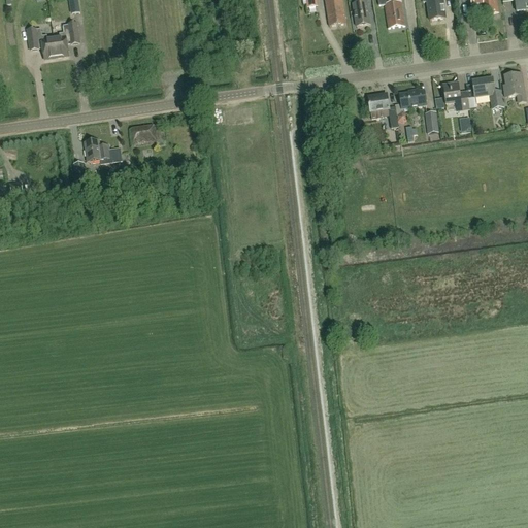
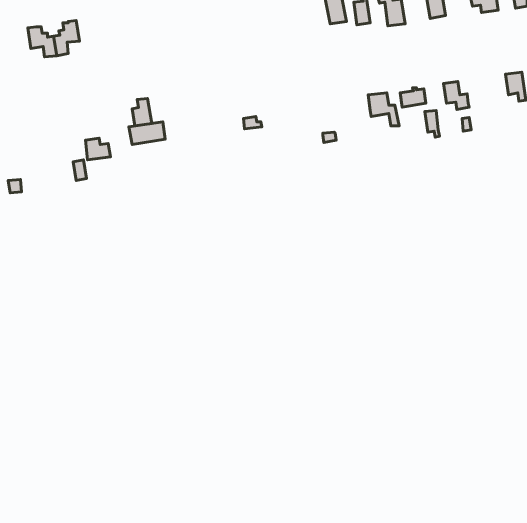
building: [472,76,503,107] -> none
building: none -> [132,98,152,126]

